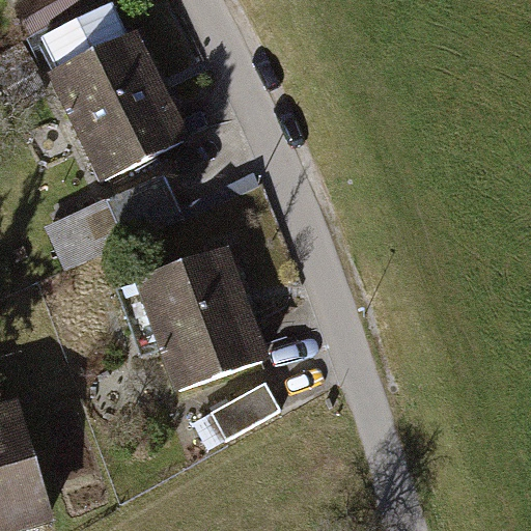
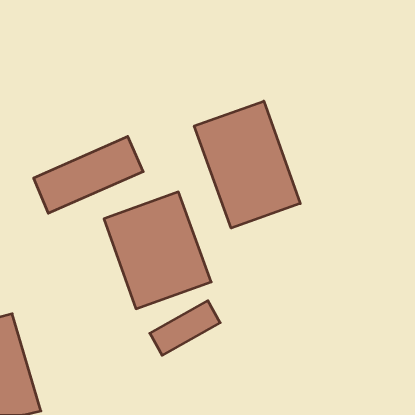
building: [45,28,190,181] -> none
building: none -> [194,101,300,228]

